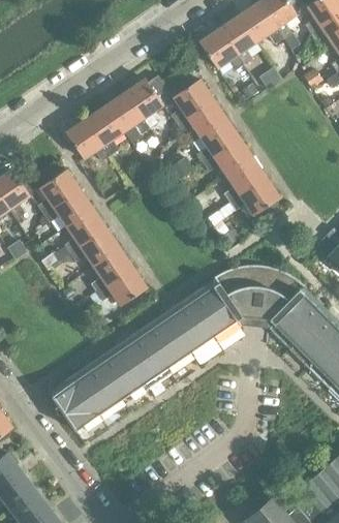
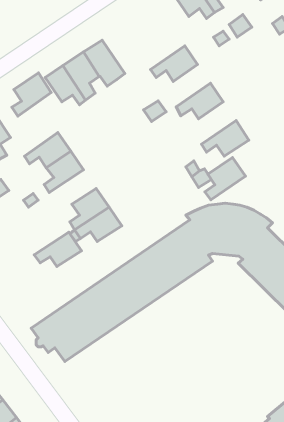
building: [126,75,168,128] -> none
building: [172,79,213,124] -> none
building: [197,119,240,163] -> none
building: [224,158,267,203] -> [205,157,245,200]
building: [38,170,80,215] -> [12,73,51,116]
building: [70,229,120,266] -> [34,232,81,267]

